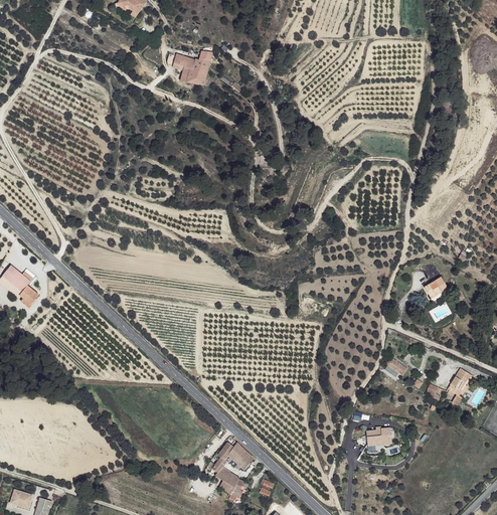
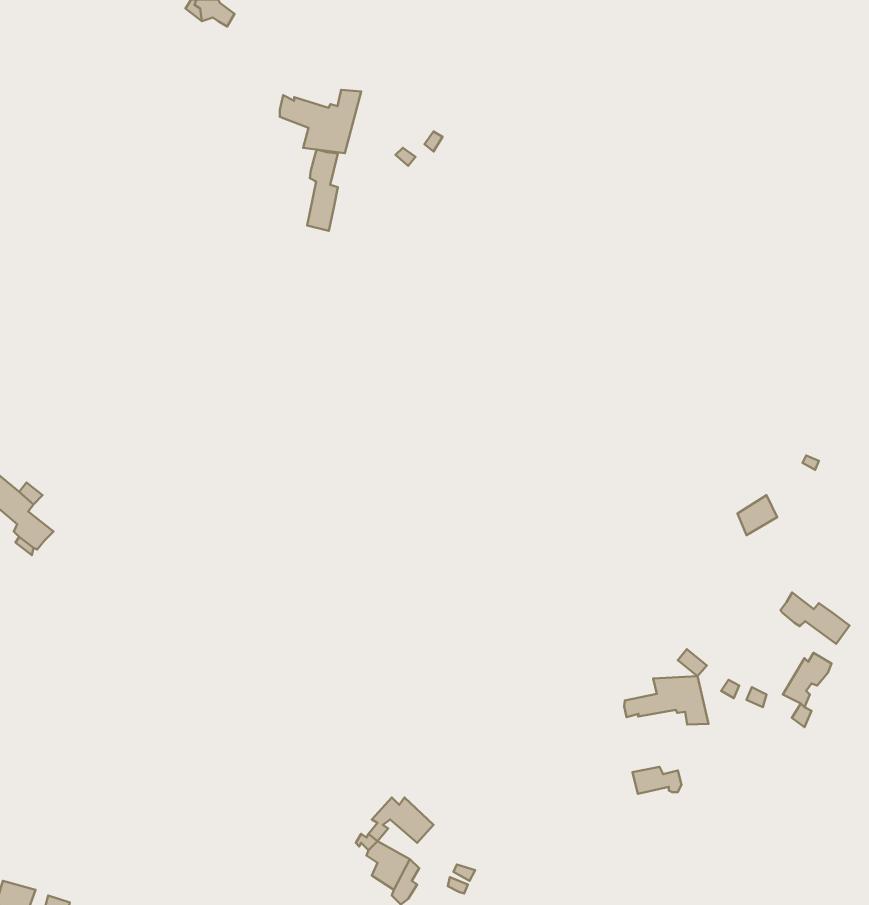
building: none -> [307,150,338,231]
building: none -> [780,592,850,644]
building: none -> [624,676,709,724]

